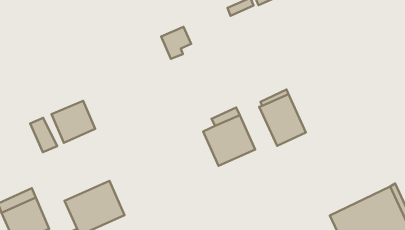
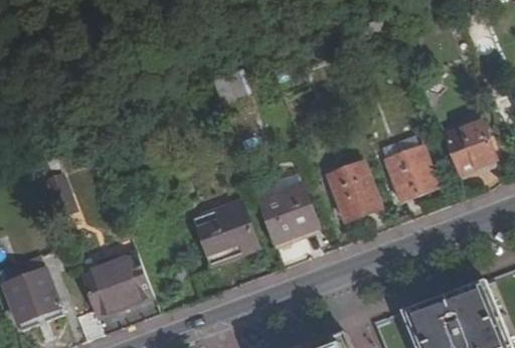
building: none -> [448,124,497,175]
building: none -> [384,133,439,203]
building: [51,101,95,143] -> none
building: none -> [192,199,259,265]

